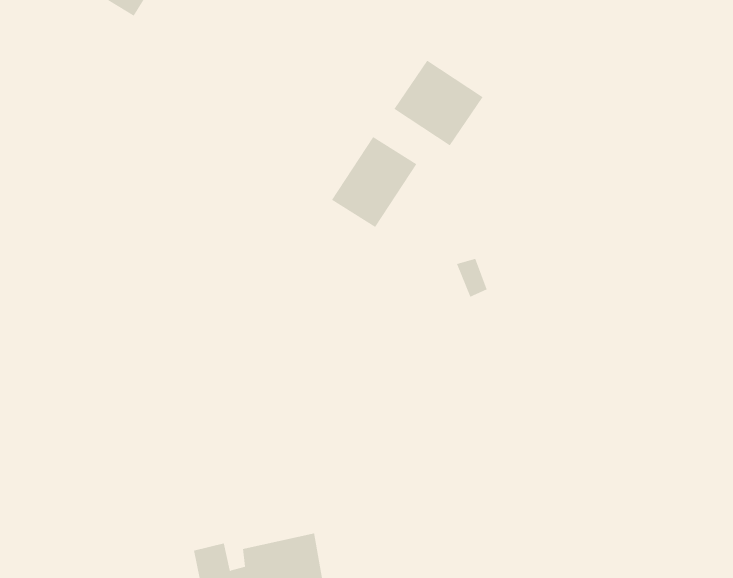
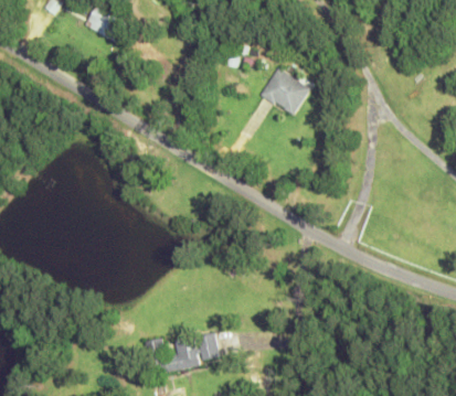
building: [331,136,417,228] -> none

